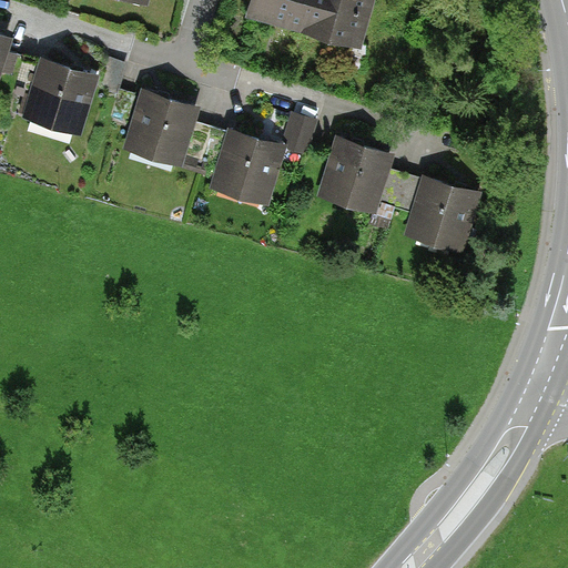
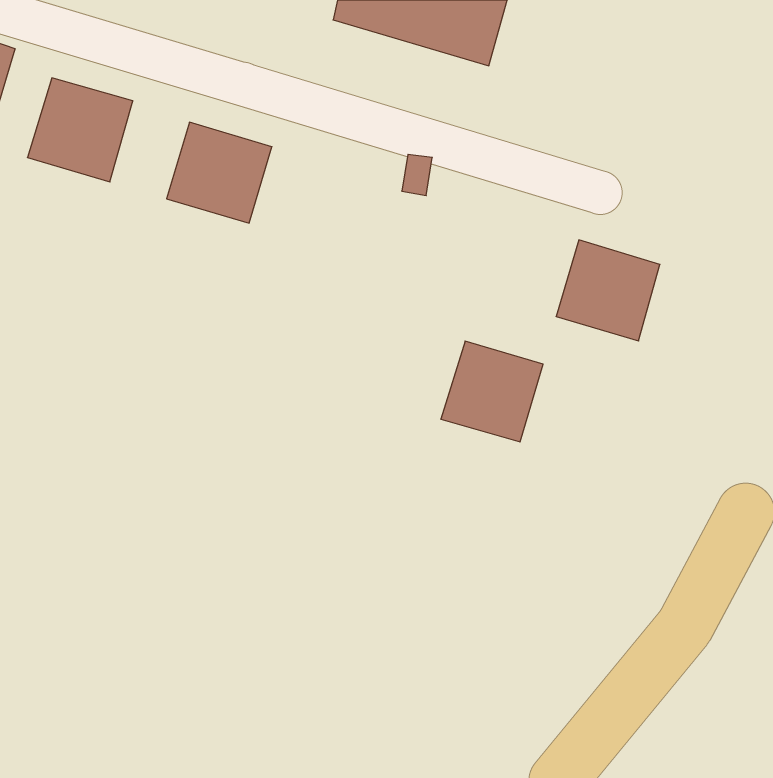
building: [212,129,286,203] -> none
building: [317,136,392,210] -> [441,341,543,442]

